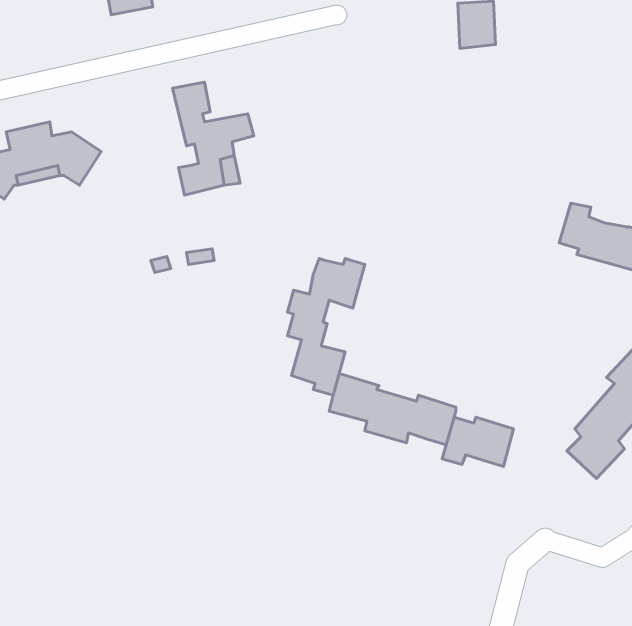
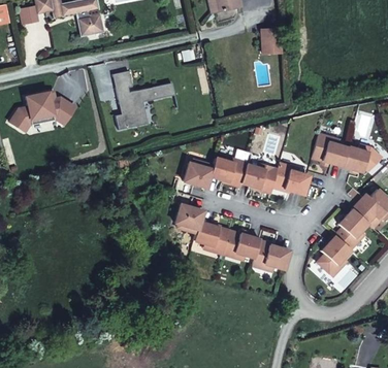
building: none -> [209,158,309,195]

